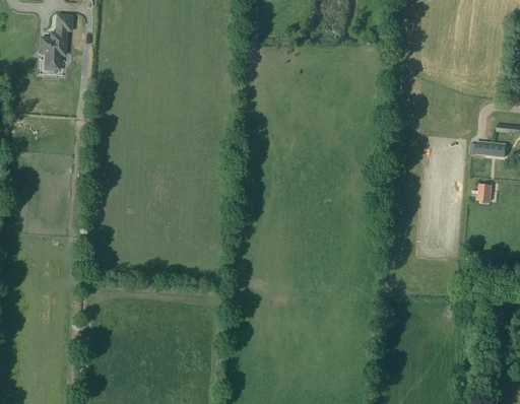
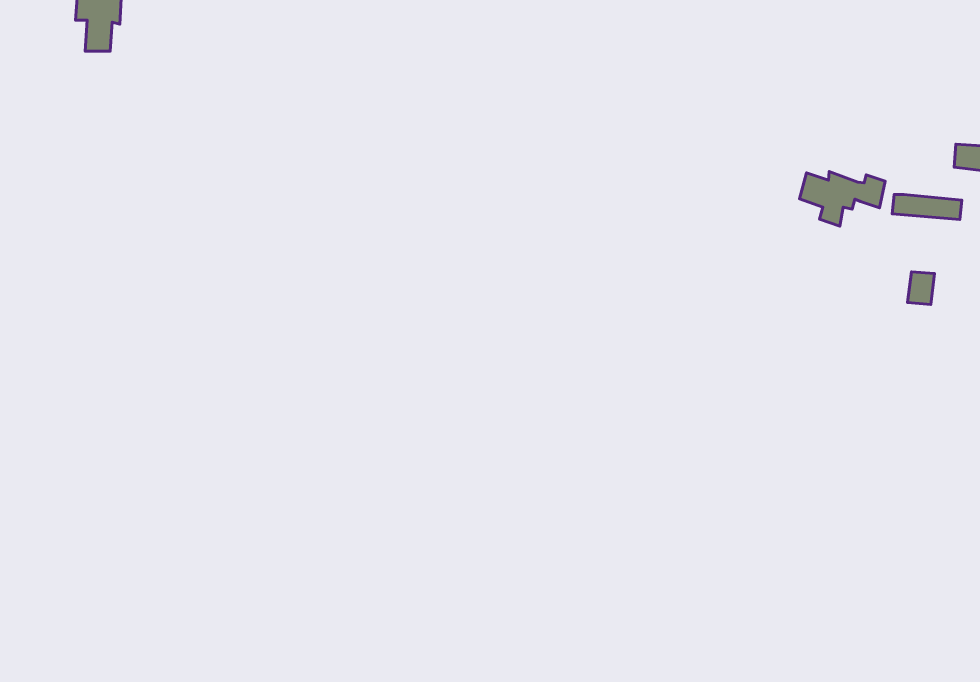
building: none -> [800,172,885,226]

